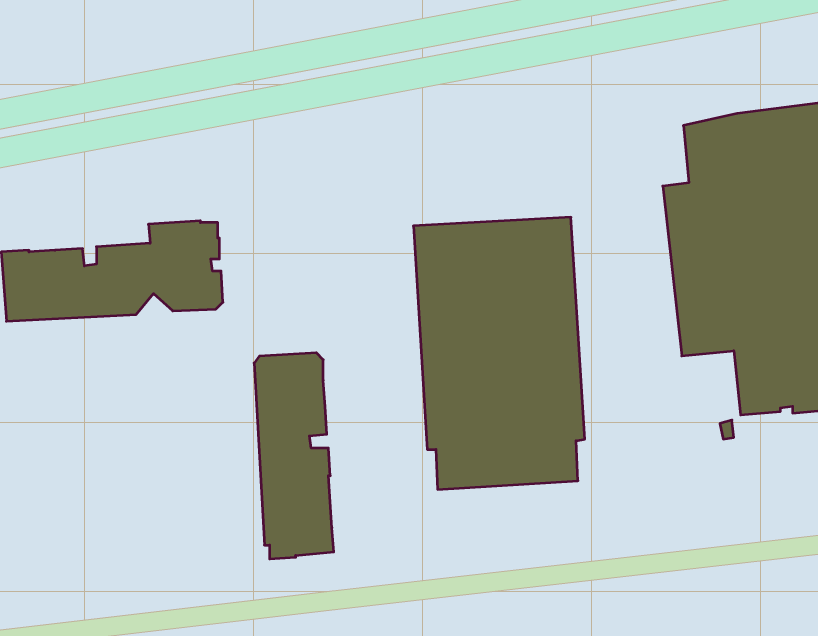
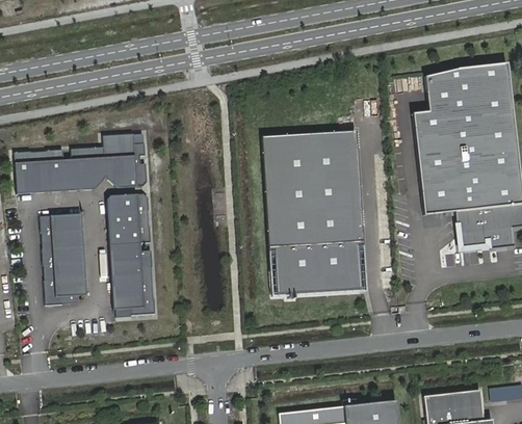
building: [254,353,334,559] -> [107,193,155,317]
building: none -> [41,213,87,304]

